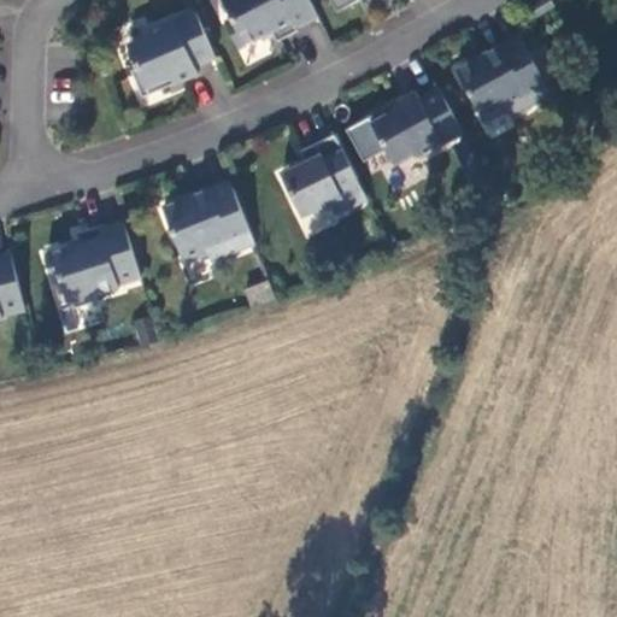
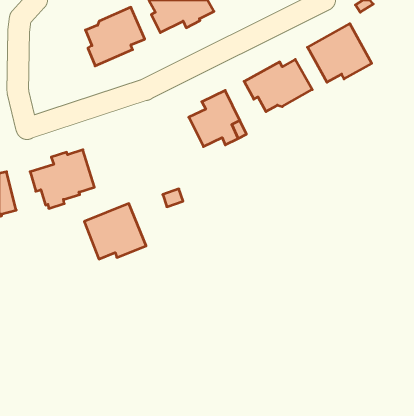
building: [161,181,253,263] -> [84,204,146,259]

